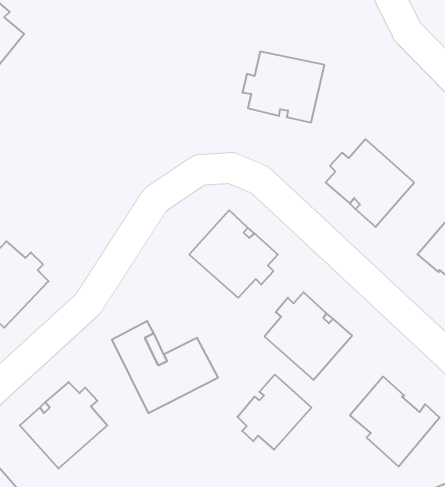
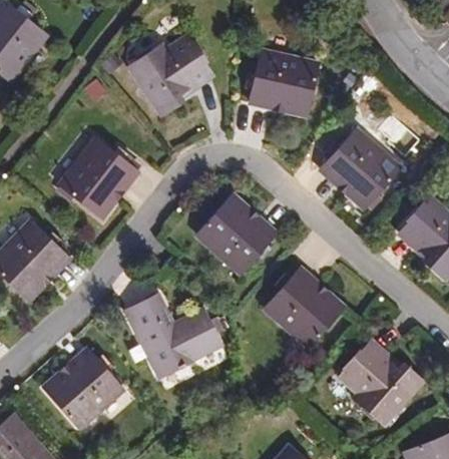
building: none -> [129,37,210,115]
building: none -> [58,138,136,217]
building: [237,375,311,450] -> none

